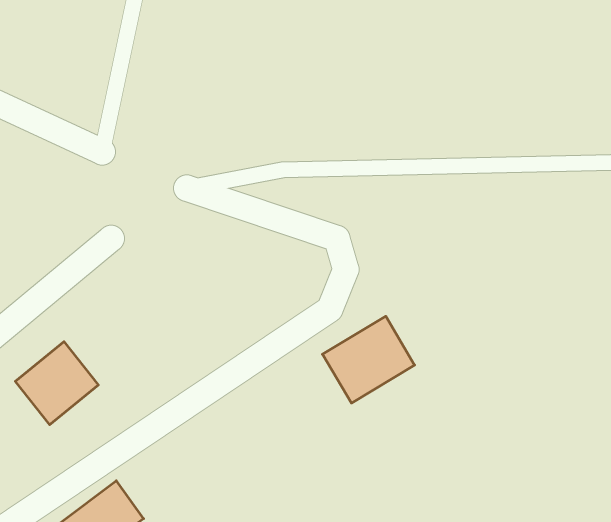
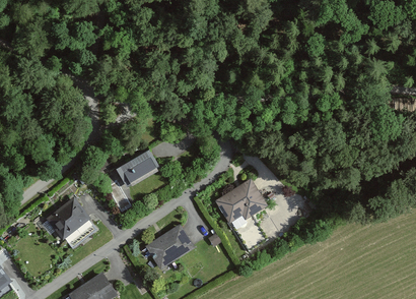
building: none -> [117,149,161,188]
building: none -> [147,224,194,267]

